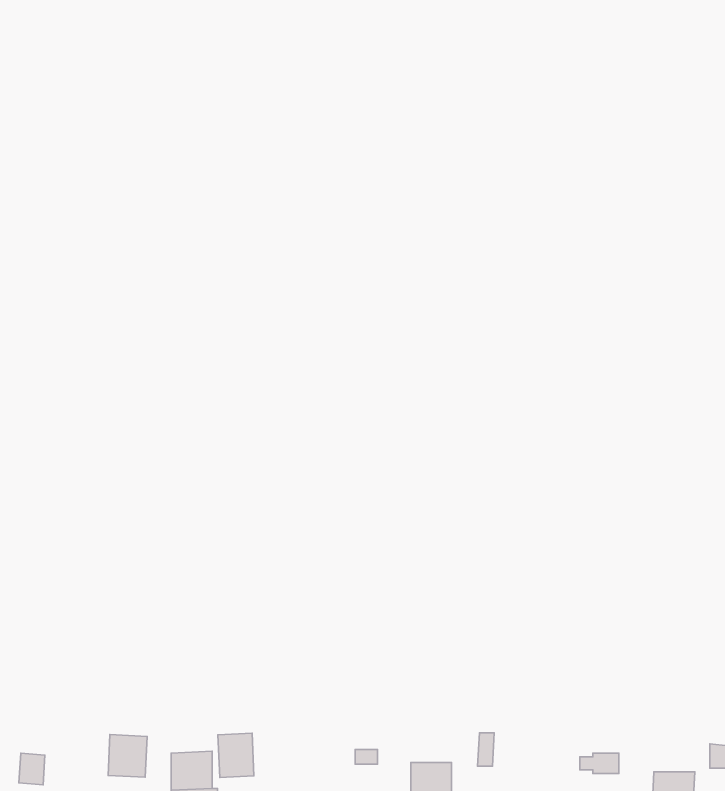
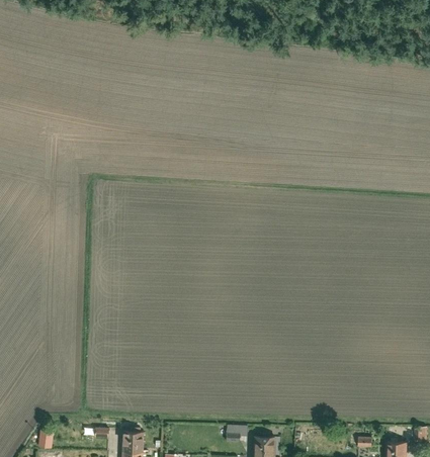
building: [218,733,254,777] -> none

